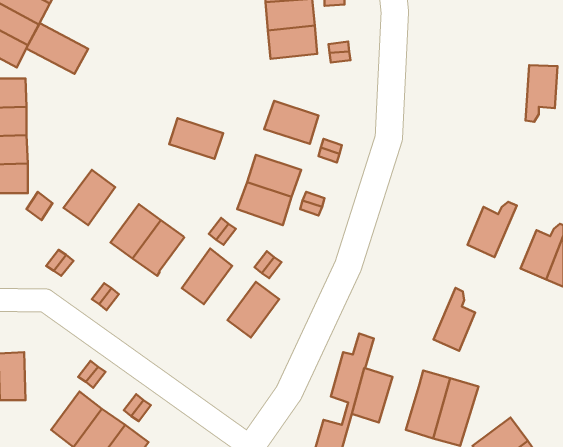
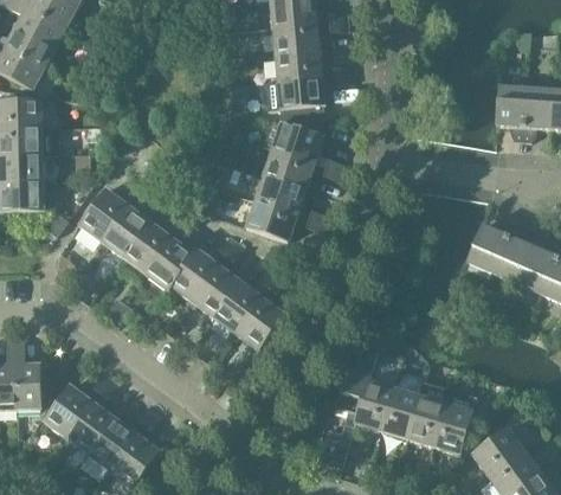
building: [26,23,88,74] -> none
building: none -> [276,76,324,108]
building: none -> [494,84,524,140]
building: [169,118,223,159] -> [262,148,314,187]
building: none -> [101,204,149,257]
building: none -> [169,246,218,301]
building: none -> [212,279,262,332]
building: [433,288,475,351] -> [491,221,531,282]
building: none -> [43,384,92,437]
building: none -> [380,386,419,437]

